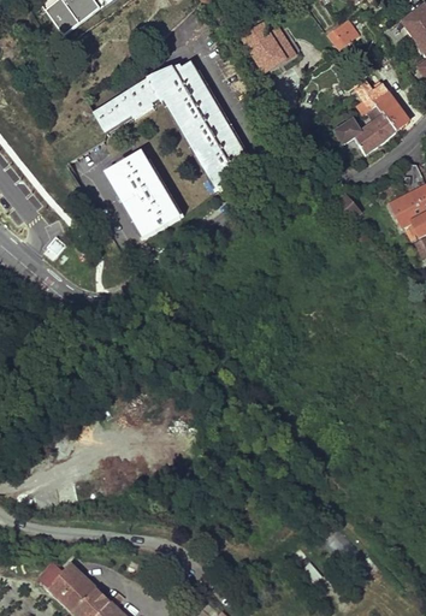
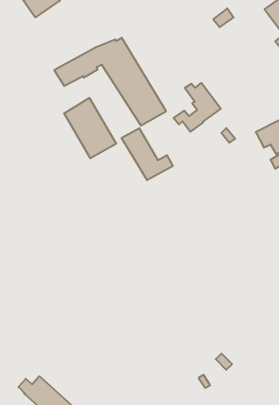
building: [242,24,290,70] -> none
building: [338,81,408,153] -> [174,83,221,132]
building: none -> [122,128,173,180]

